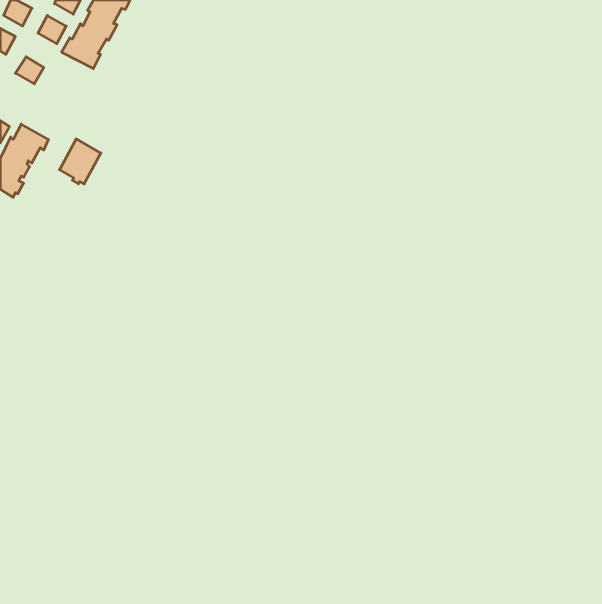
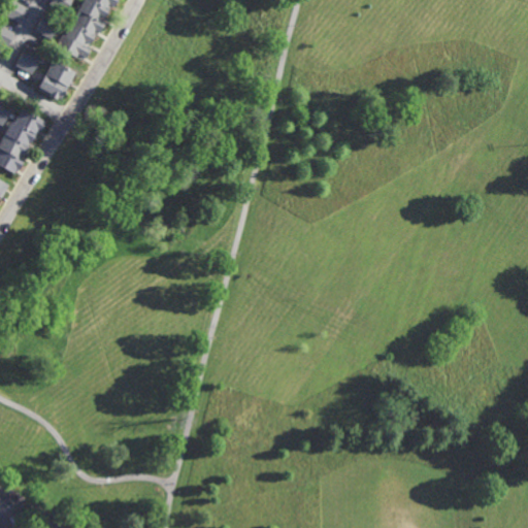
building: [59,139,101,184] -> [38,60,74,99]

